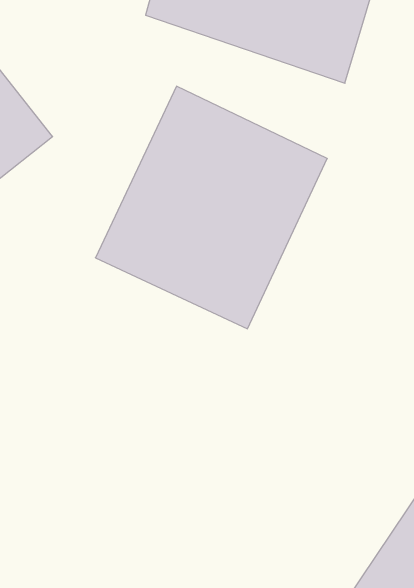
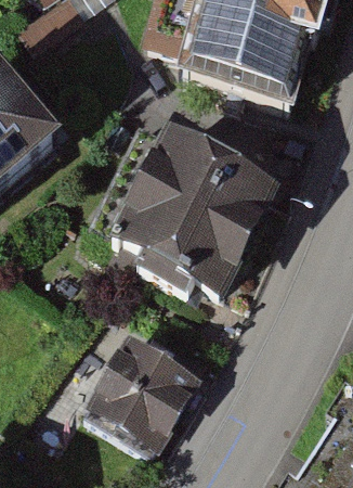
building: none -> [84,337,205,460]

